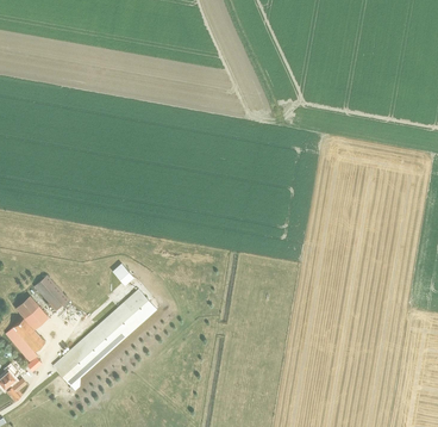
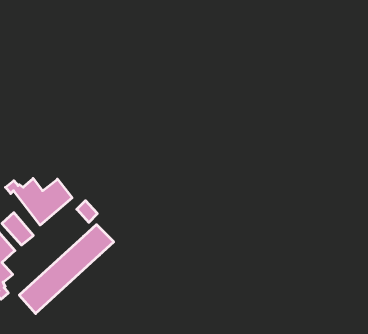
building: none -> [5,178,72,225]

